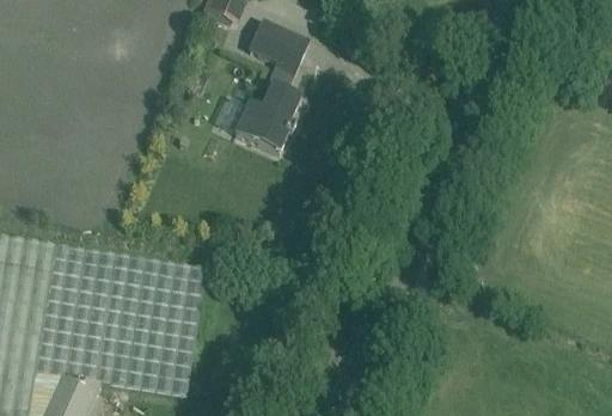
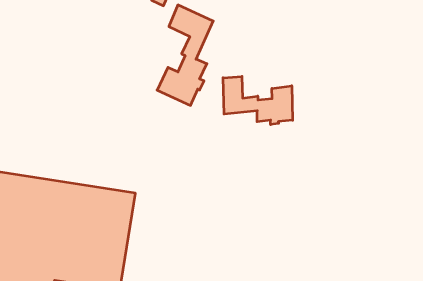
building: none -> [223,76,293,125]

